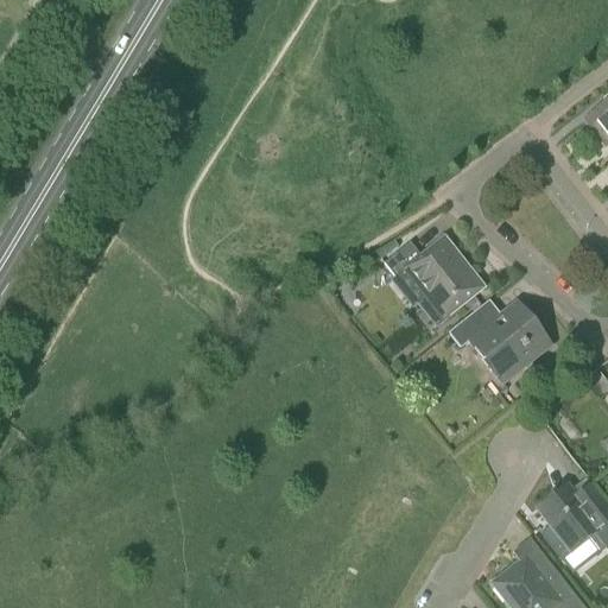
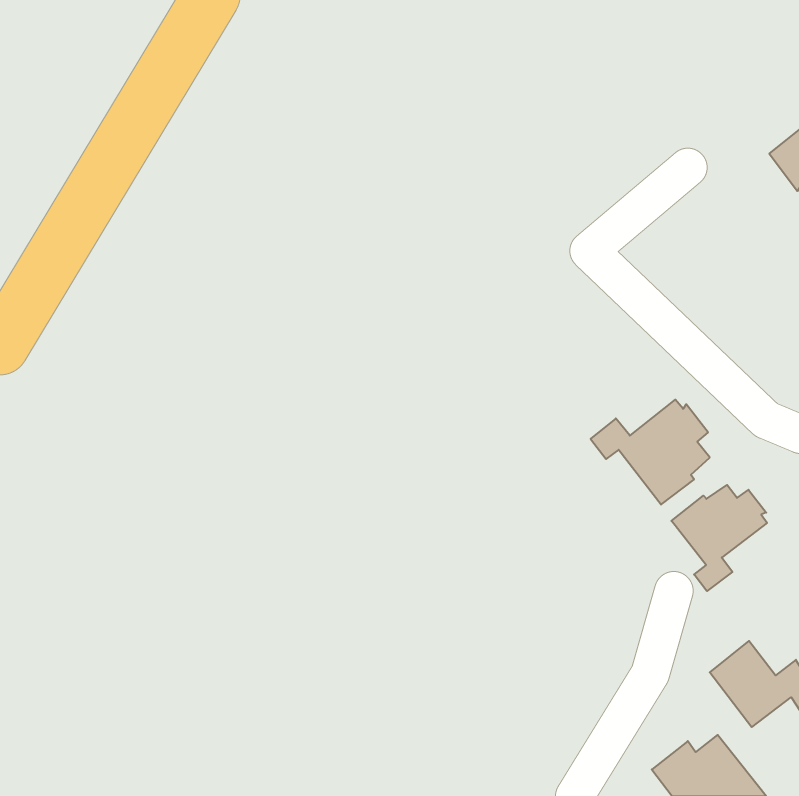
building: [385,234,483,318] -> none
building: none -> [671,485,767,591]

